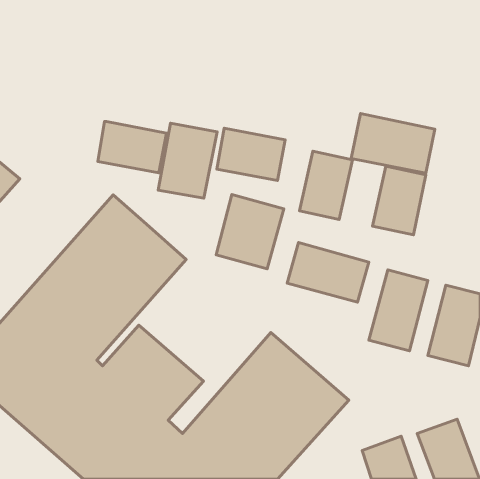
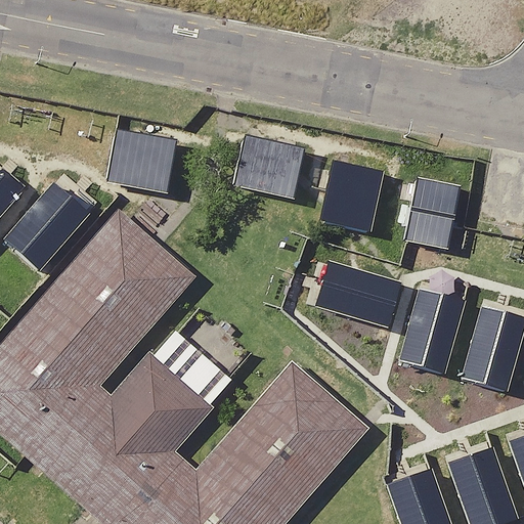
building: [351,114,435,173] -> none
building: [158,123,217,198] -> none
building: none -> [5,186,89,270]
building: [216,194,284,269] -> none

